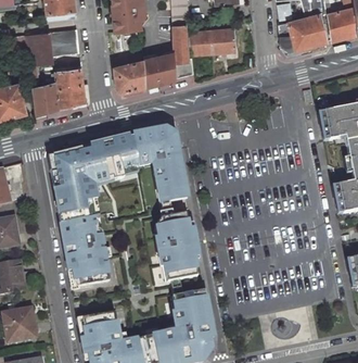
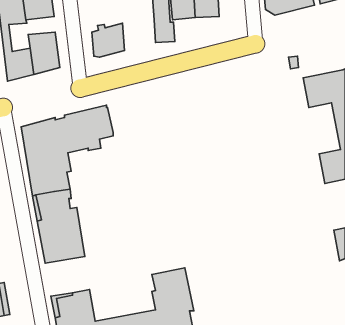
building: [144,55,176,85] -> none
building: [130,127,187,205] -> none
building: [155,216,199,285] -> none

